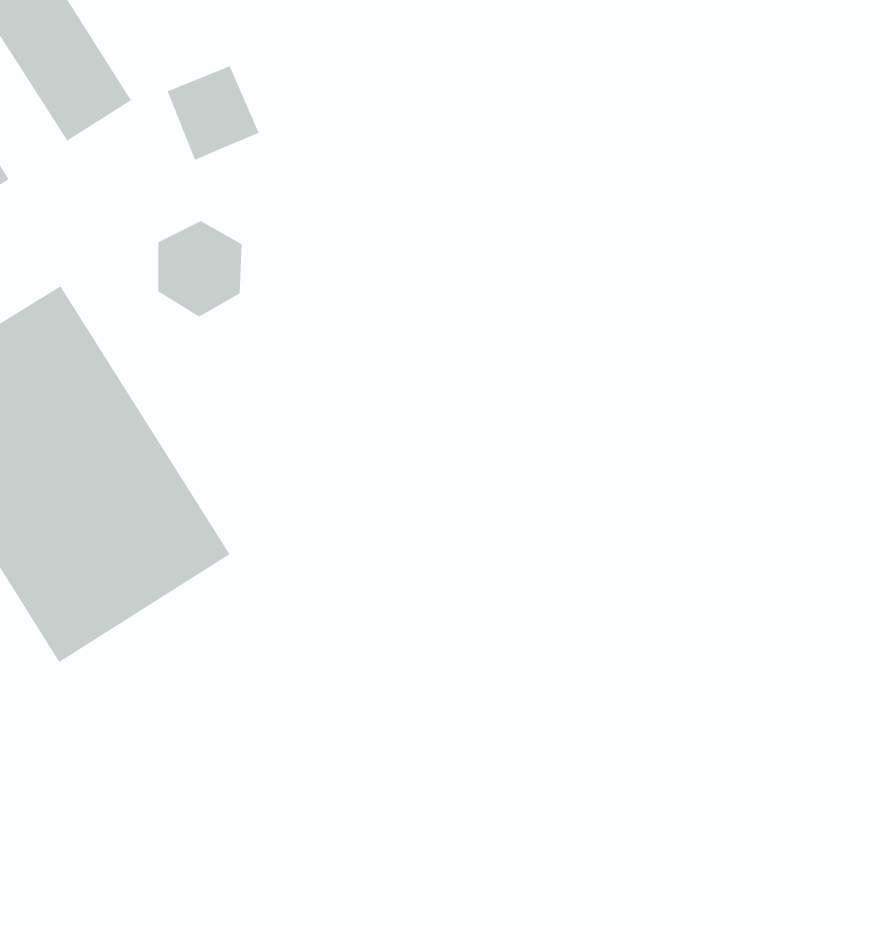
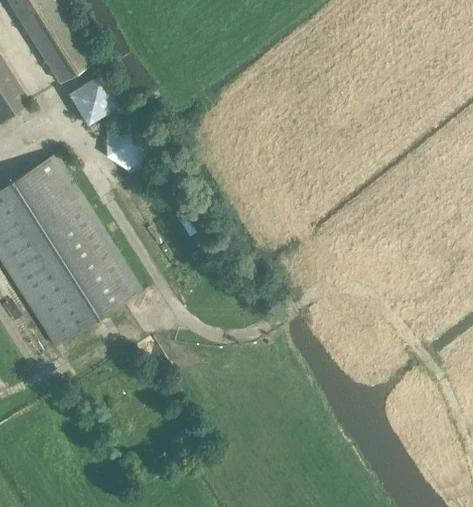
building: [167,66,260,160] -> [71,74,118,122]

